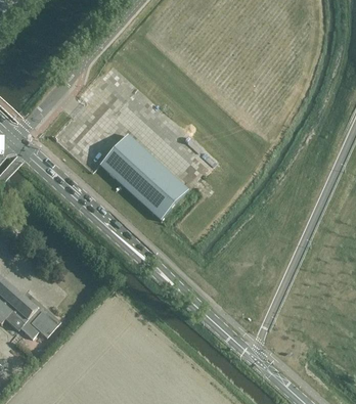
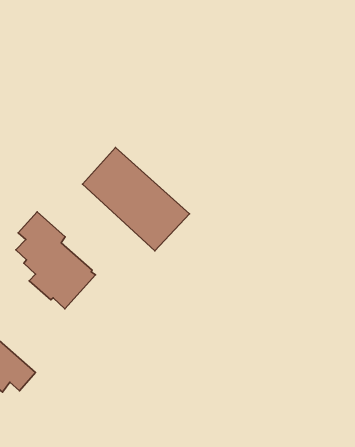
building: none -> [16,212,95,309]

